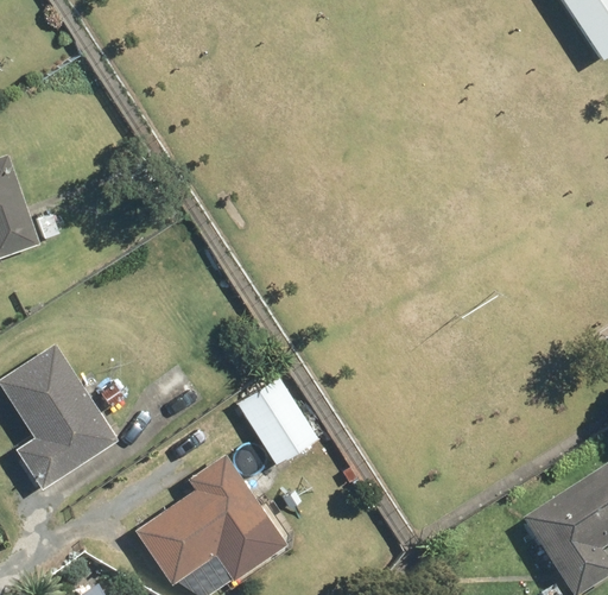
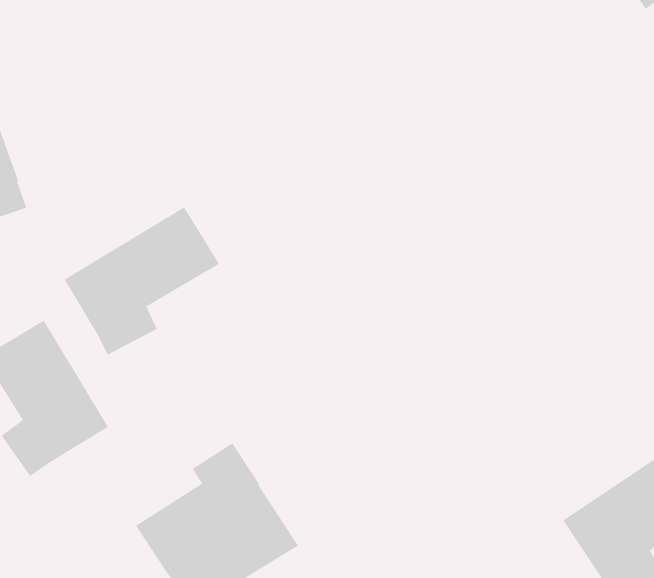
building: none -> [64,206,220,356]
building: [240,381,317,464] -> none

